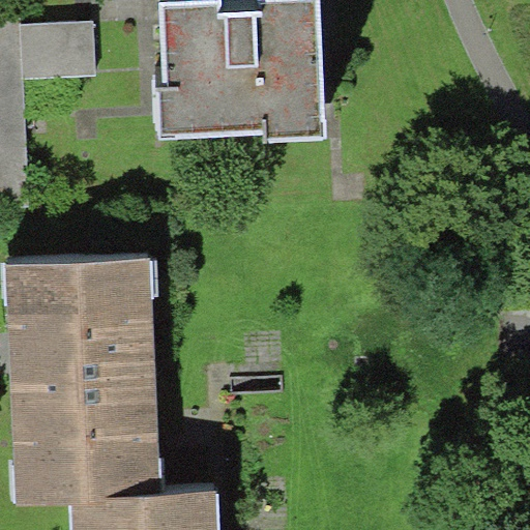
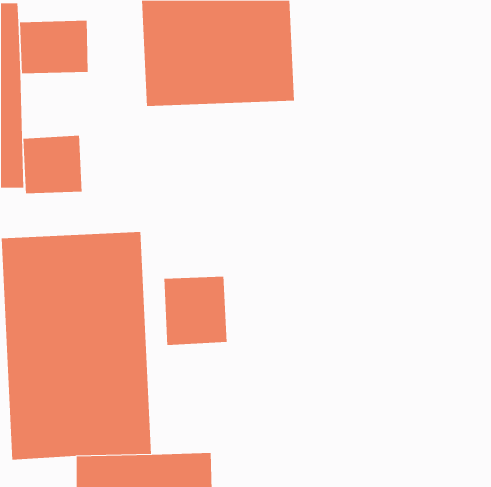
building: none -> [23,135,82,194]
building: none -> [164,276,227,346]

